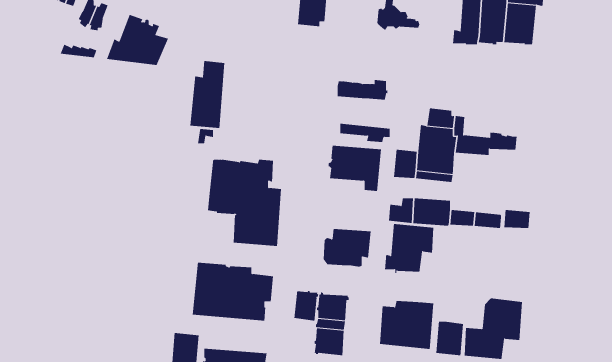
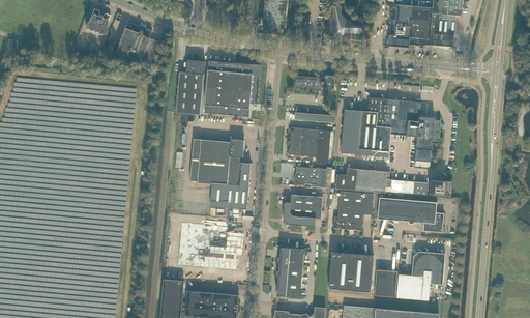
building: none -> [204,61,260,116]
building: none -> [396,100,420,121]
building: none -> [342,110,361,133]
building: none -> [414,131,439,169]
building: none -> [293,166,331,187]
building: none -> [377,197,443,232]
building: [294,290,319,322] -> none

